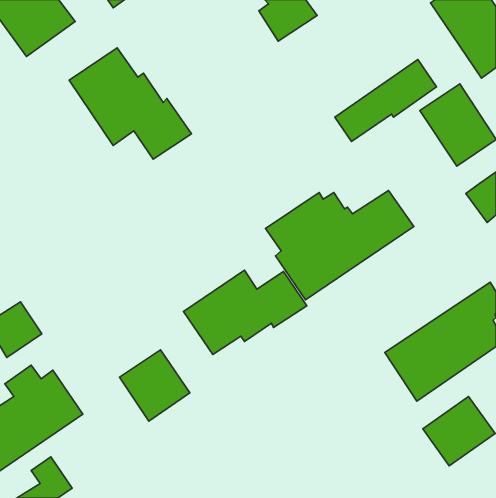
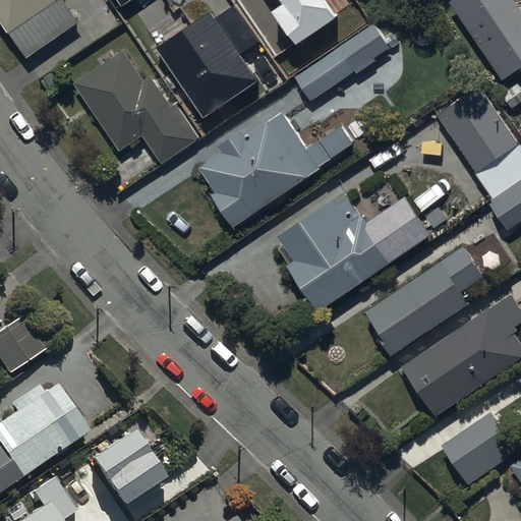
building: none -> [152,5,254,118]
building: [335,59,436,141] -> [293,15,399,101]
building: none -> [199,113,352,228]
building: none -> [364,245,484,357]
building: [184,270,307,355] -> none
building: [120,350,190,421] -> [92,428,165,503]

